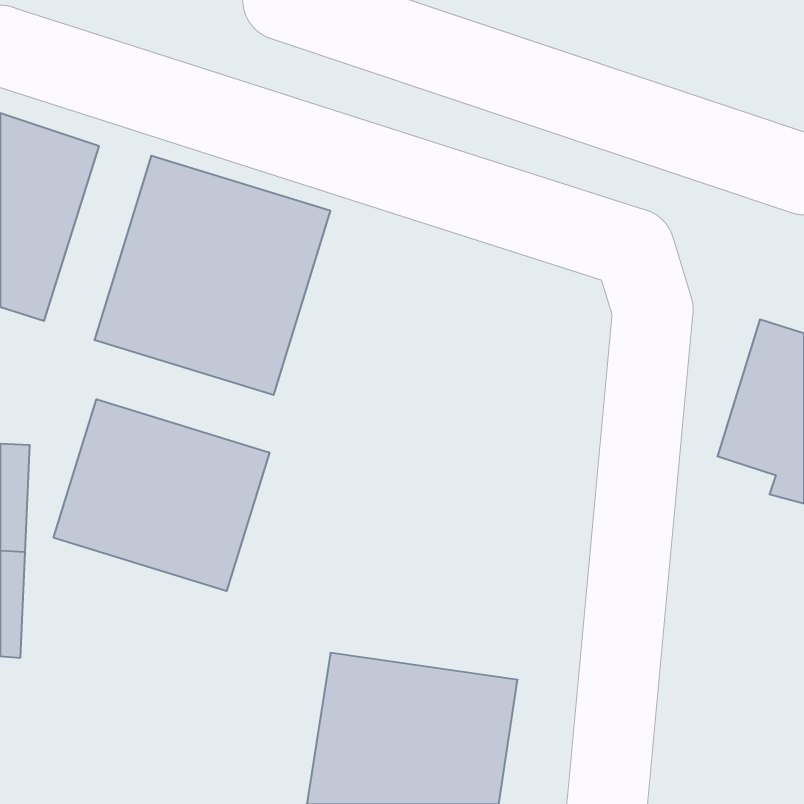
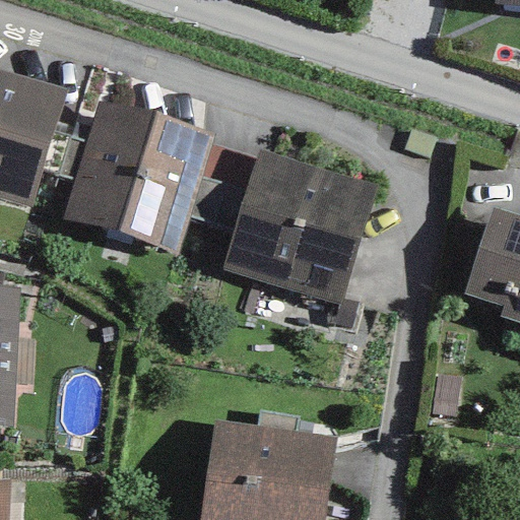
building: none -> [221,150,375,303]
building: [54,399,269,591] -> none

